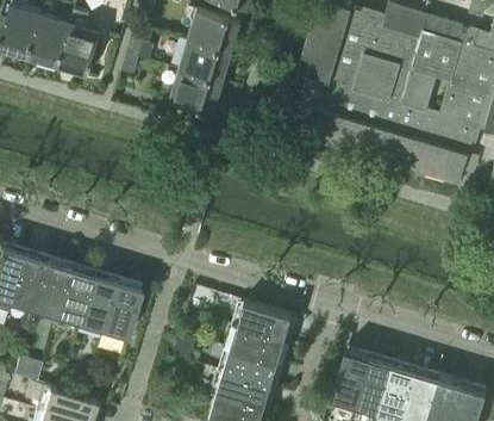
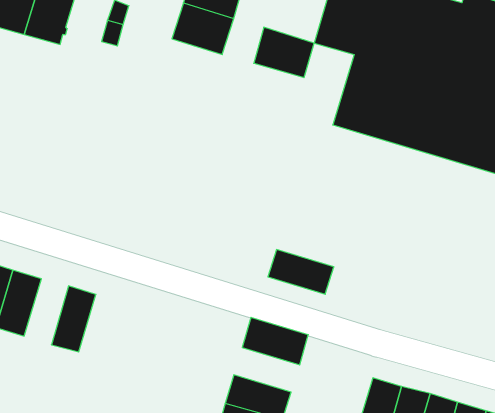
building: [170,69,220,111] -> [254,27,314,78]
building: [56,268,93,323] -> none
building: [101,281,140,338] -> none
building: [230,326,284,363] -> [268,250,334,294]

